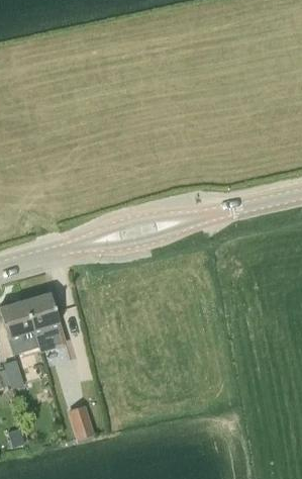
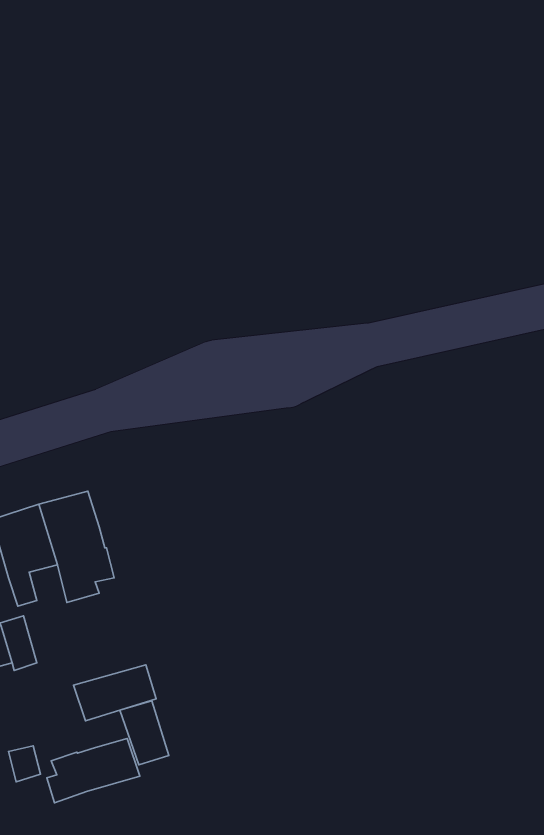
building: none -> [74,665,156,721]
building: none -> [47,738,140,803]

